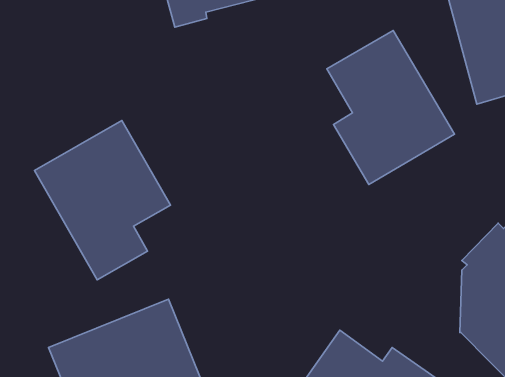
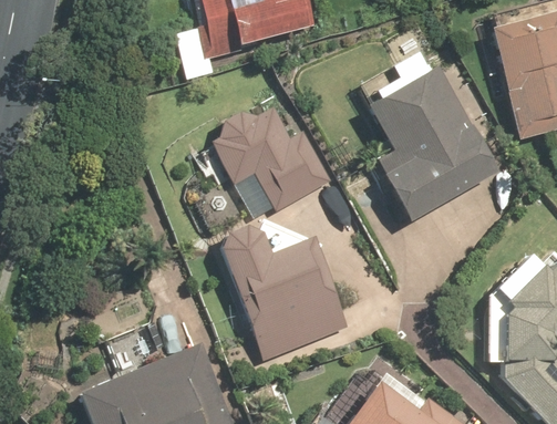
building: none -> [214,107,336,211]
building: [34,121,170,280] -> none
building: none -> [220,227,351,363]

